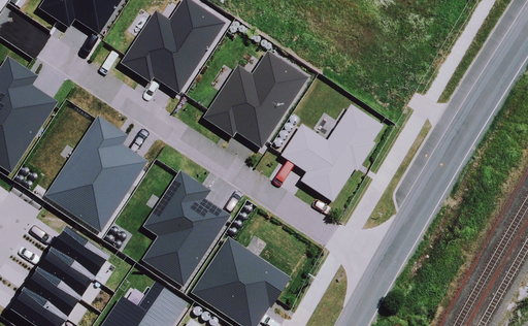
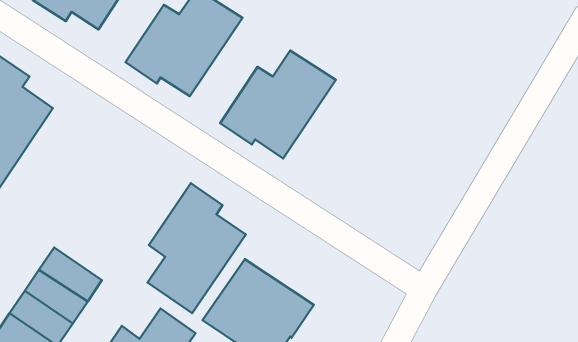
building: [283,107,382,202] -> none
building: [44,116,146,232] -> none

